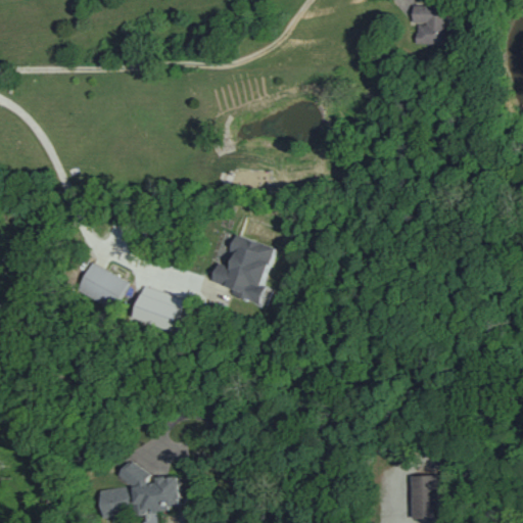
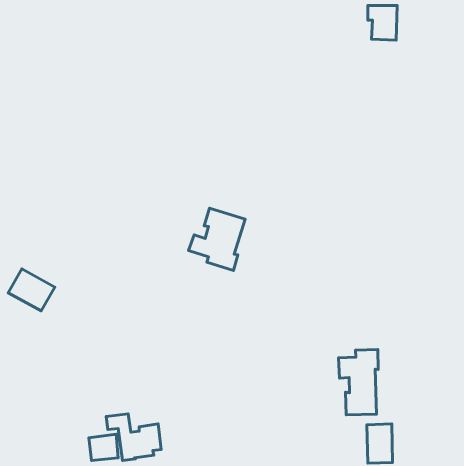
building: [75,263,127,310] -> [8,269,55,311]
building: [131,286,181,331] -> none
building: none -> [339,349,378,415]

